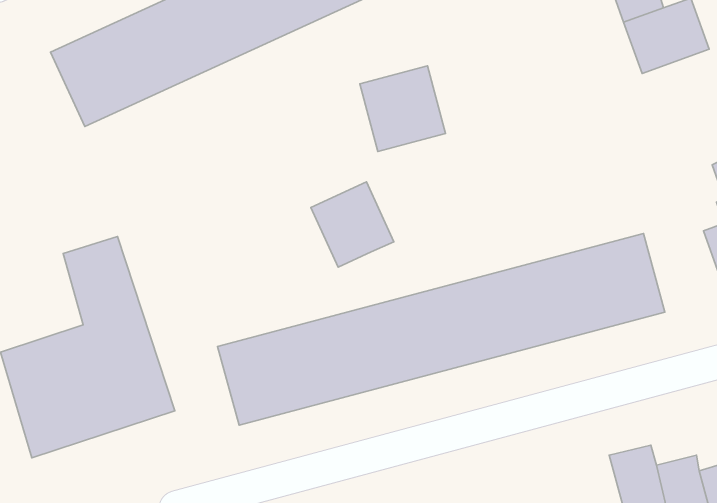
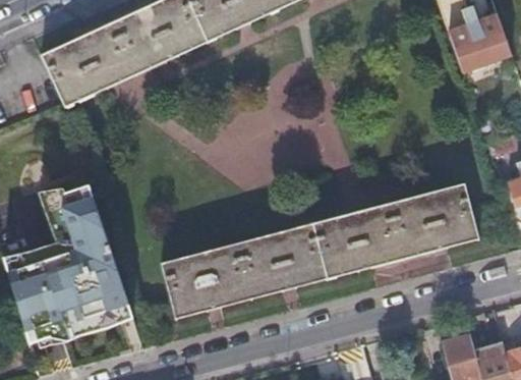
building: [360,66,445,152] -> none
building: [311,182,394,267] -> none

